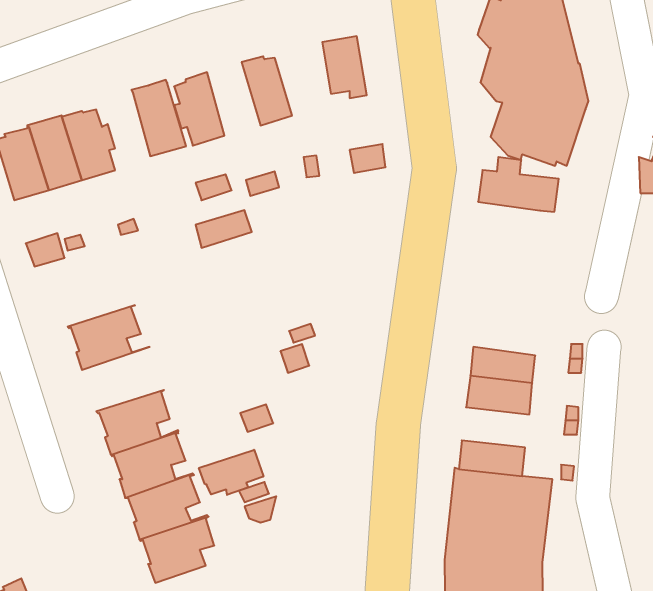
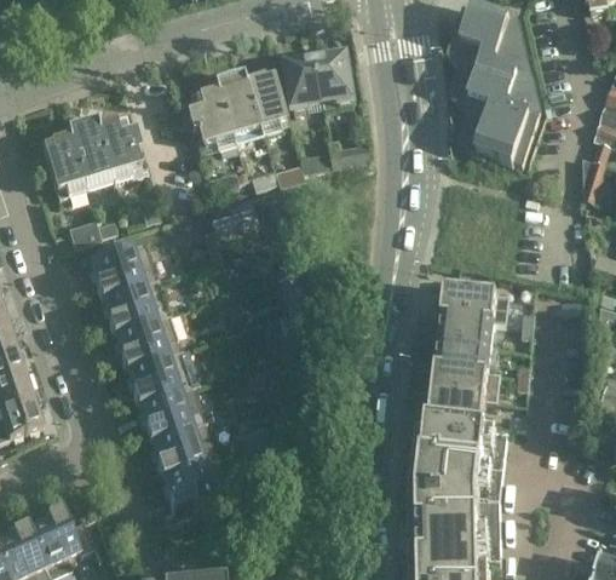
building: none -> [283,58,321,111]
building: [131,80,186,156] -> [215,73,261,137]
building: [478,157,559,212] -> [441,277,508,323]
building: none -> [90,243,156,298]
building: none -> [111,315,180,369]
building: none -> [431,366,500,401]
building: [199,450,263,495] -> none

